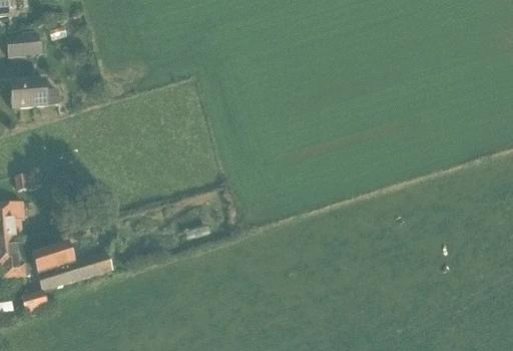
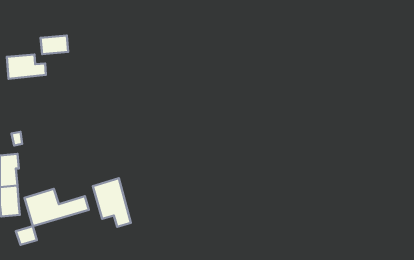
building: [5,33,39,56] -> [41,35,68,54]
building: none -> [93,178,131,227]

